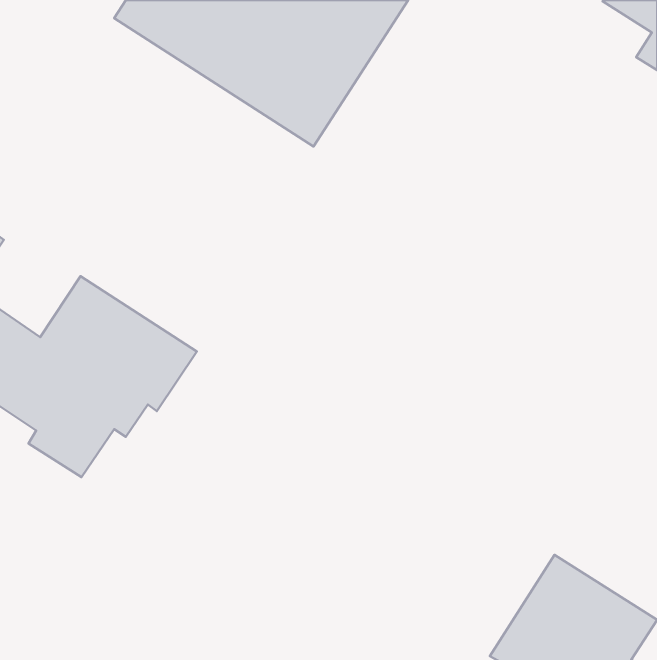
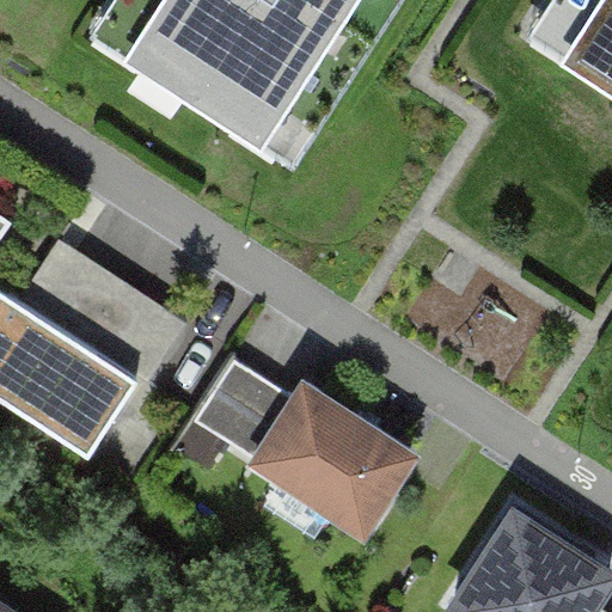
building: none -> [191,360,409,530]

